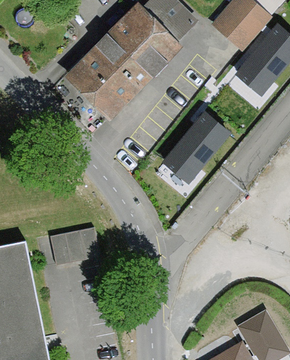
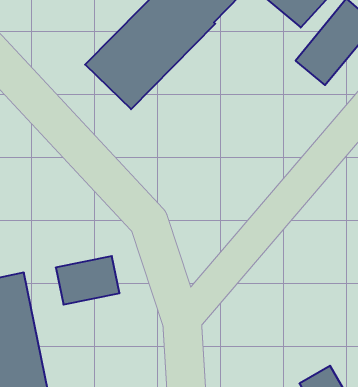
building: [164,113,227,181] -> none

